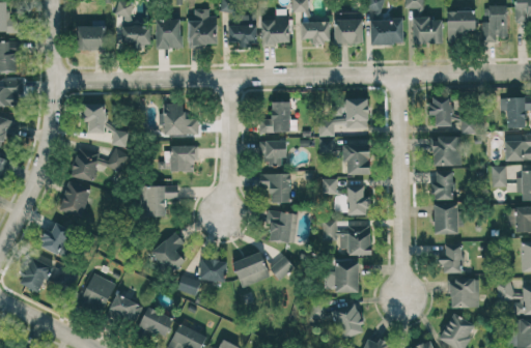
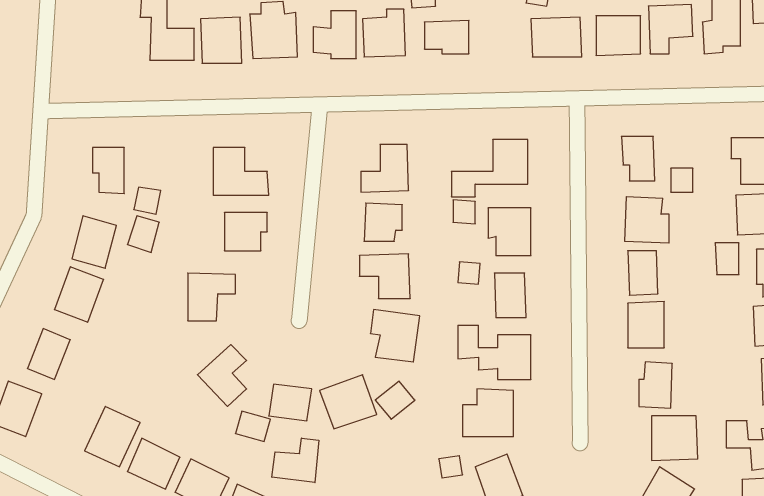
building: [334,19,363,44] -> none
building: [77,26,107,51] -> none
building: none -> [272,438,319,483]

